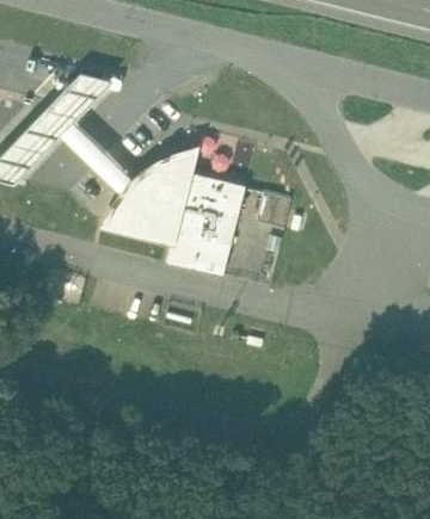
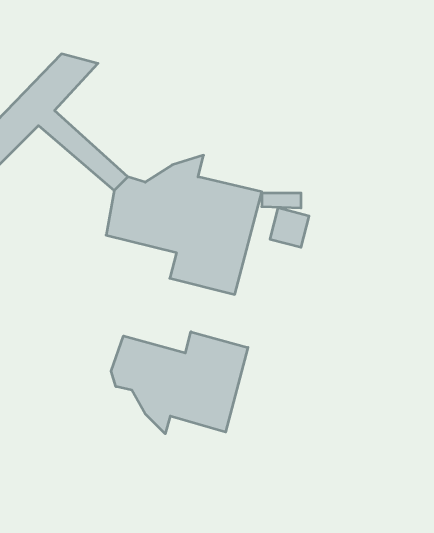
building: none -> [111,332,248,434]

